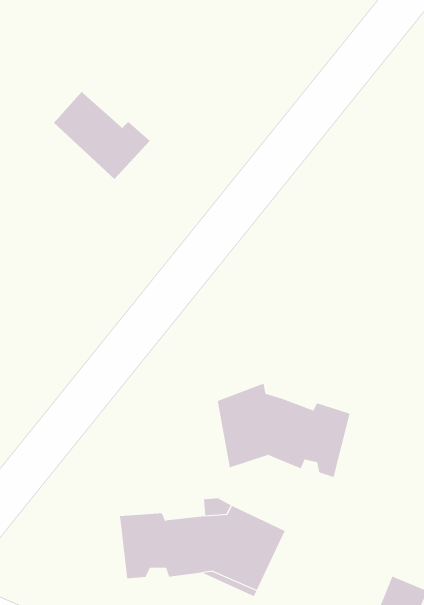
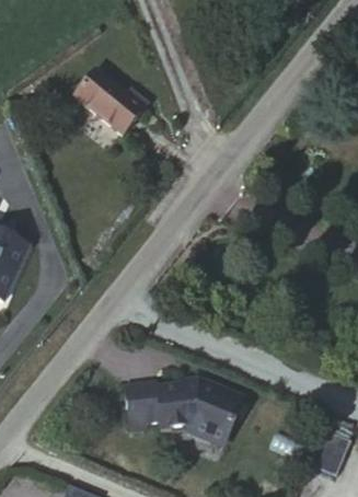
building: [217,383,350,478] -> none

